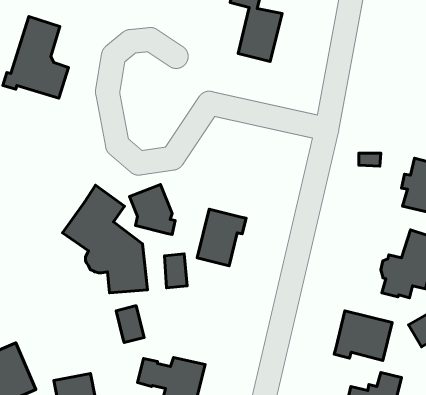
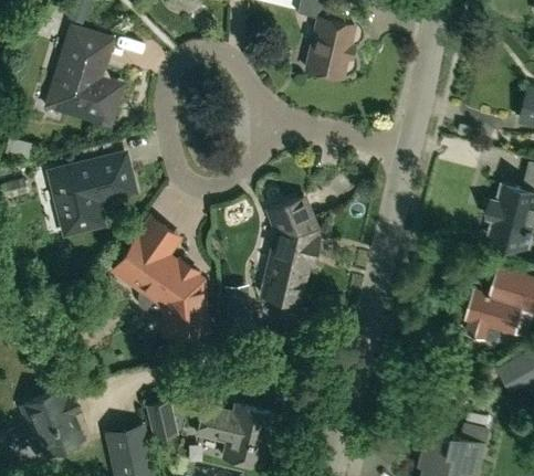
building: none -> [52,154,134,231]
building: [129,185,175,235] -> [269,197,320,252]
building: [116,306,144,343] -> [144,402,175,443]
building: [334,311,392,360] -> none

